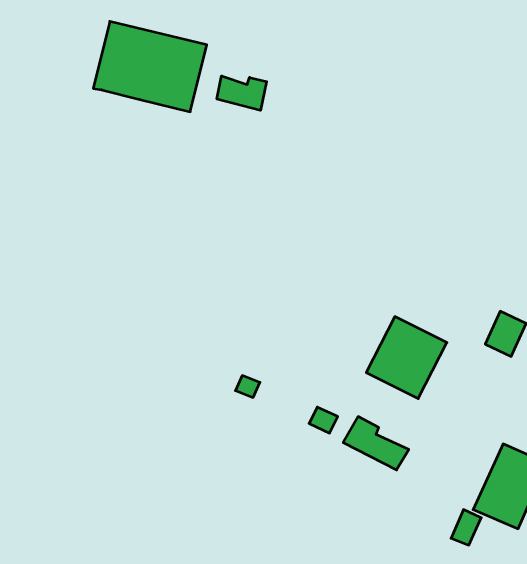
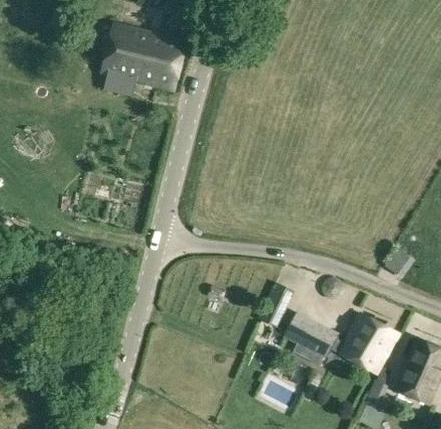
building: [217,76,267,110] -> none
building: [366,317,447,399] -> [341,314,400,374]

